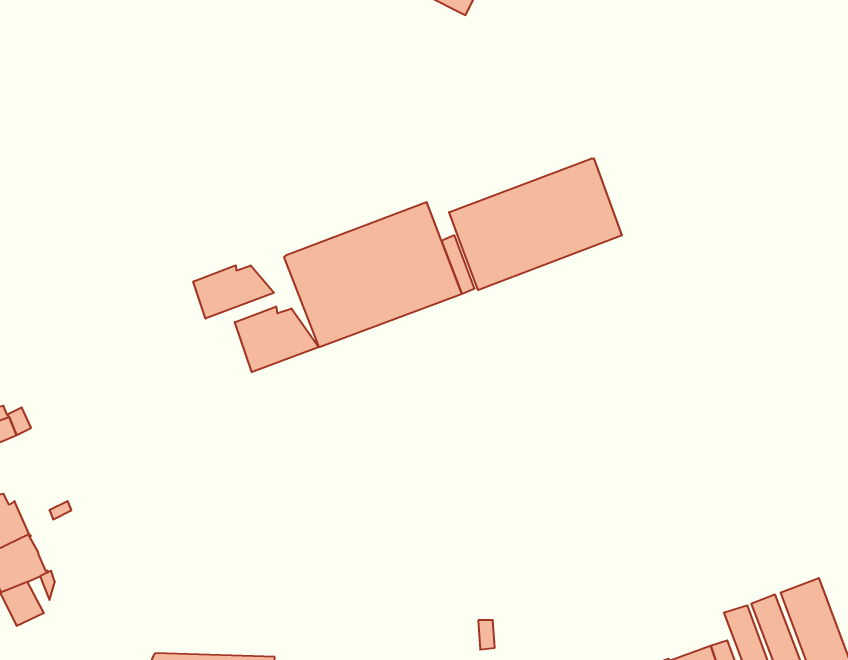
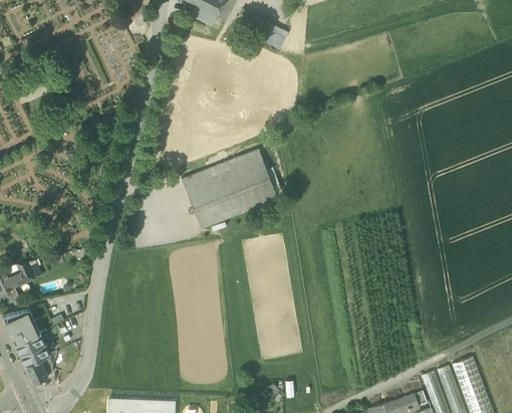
building: [449,158,622,290] -> none
building: [193,265,274,319] -> none
building: [235,306,319,372] -> none

